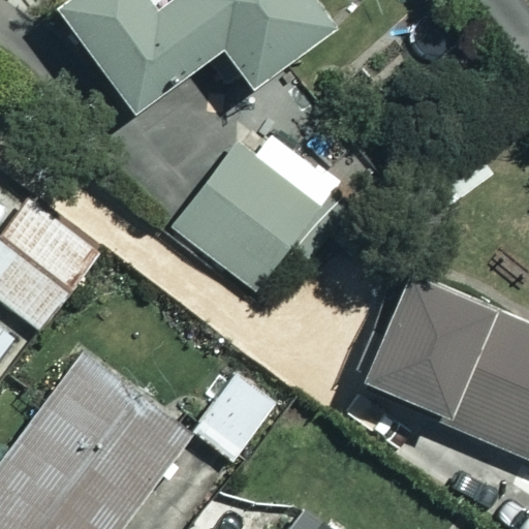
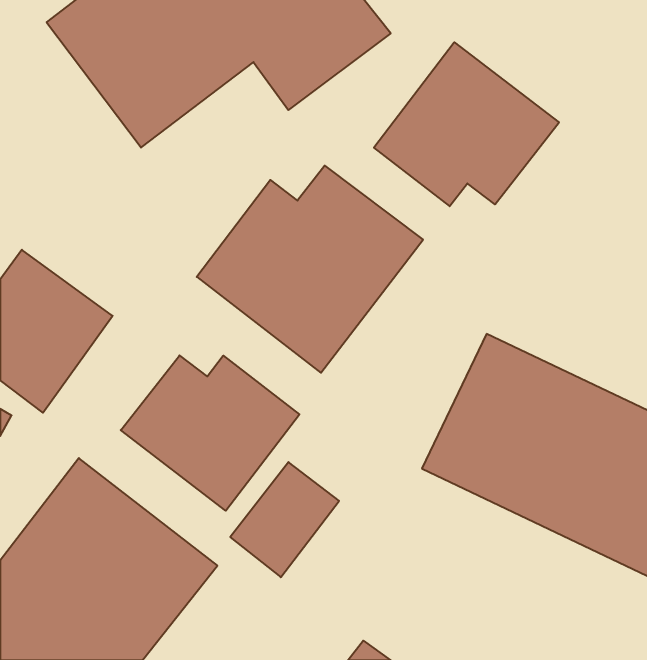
building: none -> [374,42,559,206]
building: none -> [121,355,299,511]

